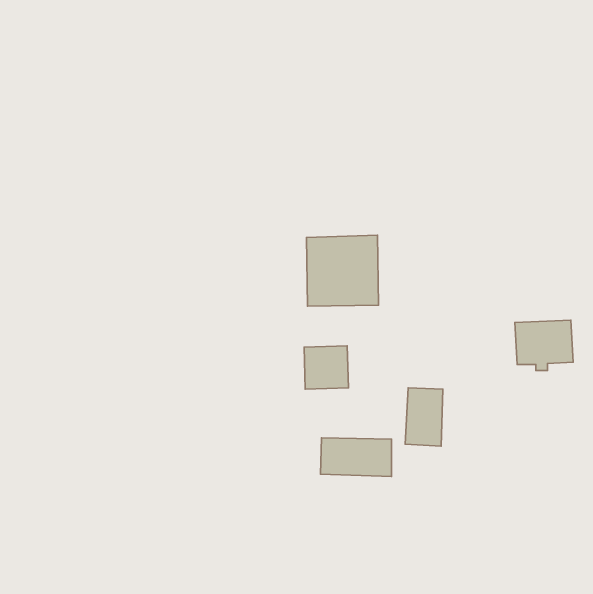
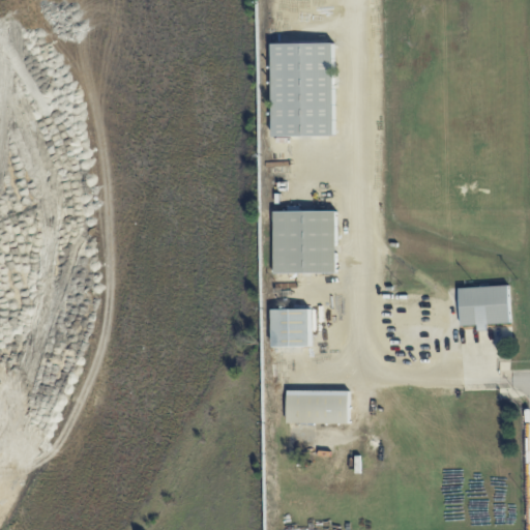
building: none -> [270,41,333,136]
building: [405,388,443,446] -> none

